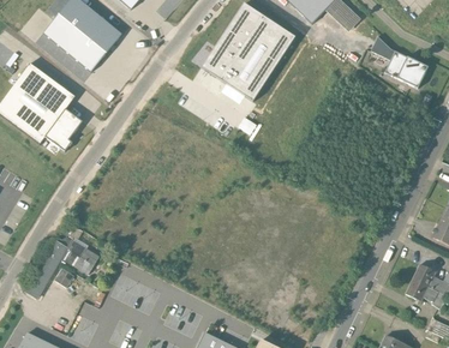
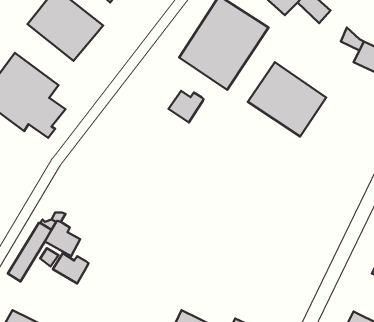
building: none -> [248,62,326,137]
building: none -> [168,91,203,122]
building: none -> [53,253,88,284]

